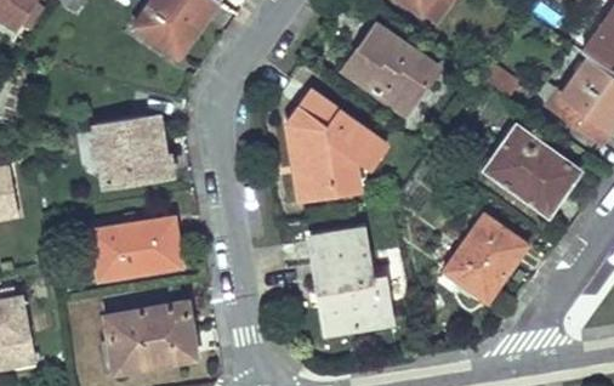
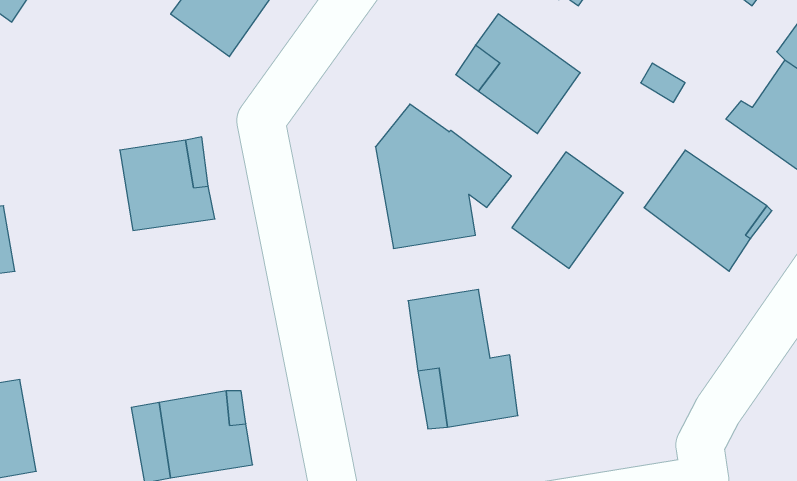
building: [444,215,527,301] -> [512,152,623,268]
building: [92,218,181,279] -> none

